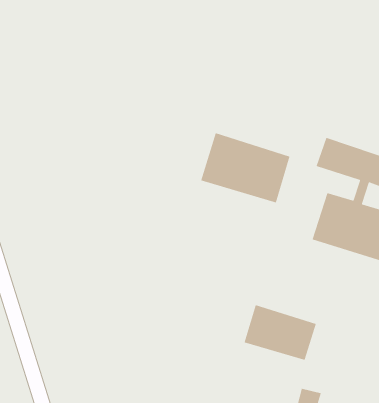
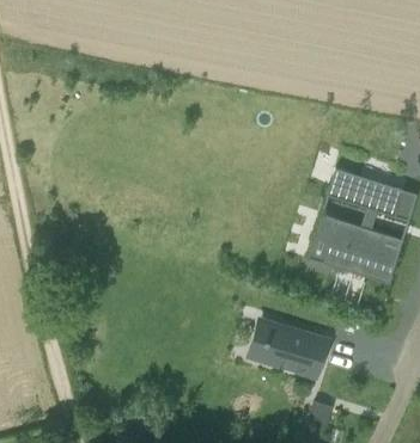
building: [200,132,291,203] -> none

